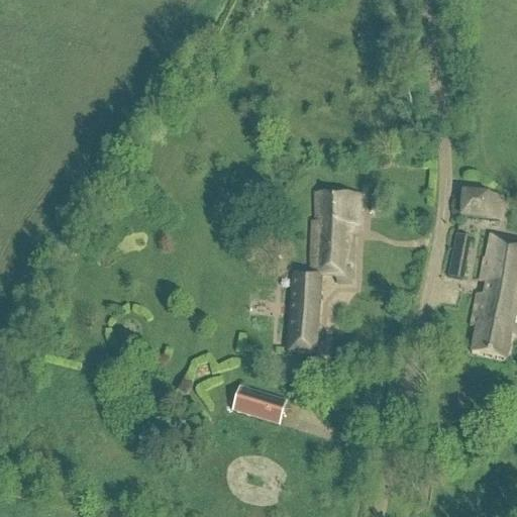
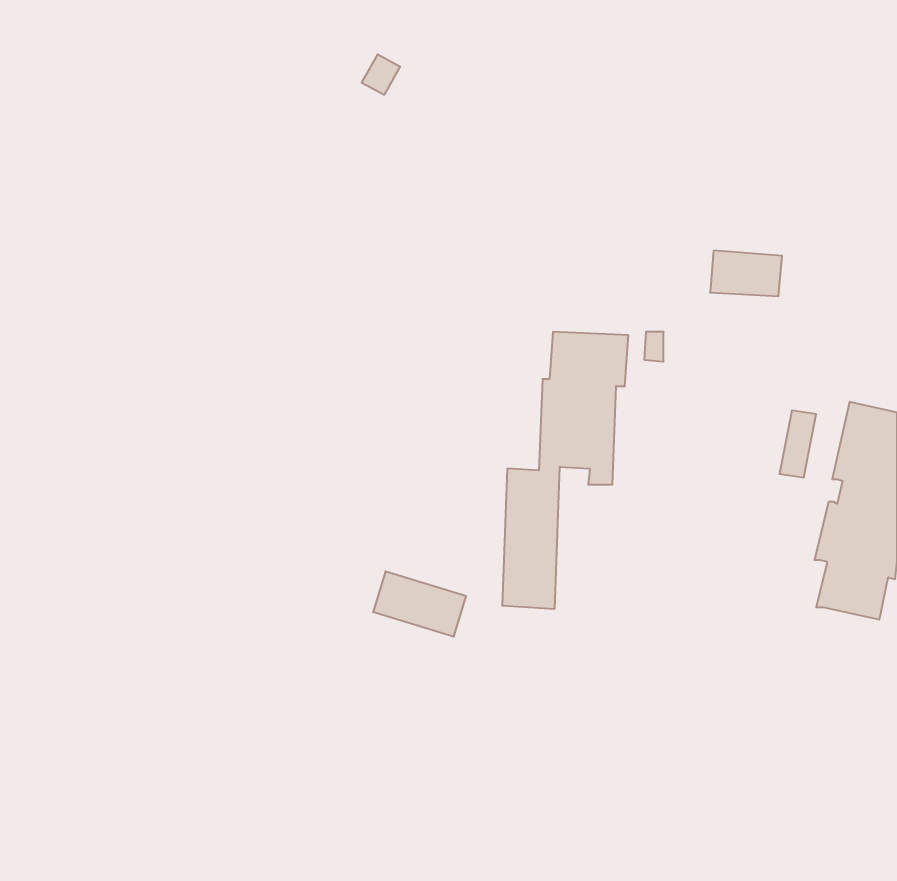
building: [462,189,504,215] -> [710,251,782,296]
building: [232,385,286,422] -> [373,572,466,637]

